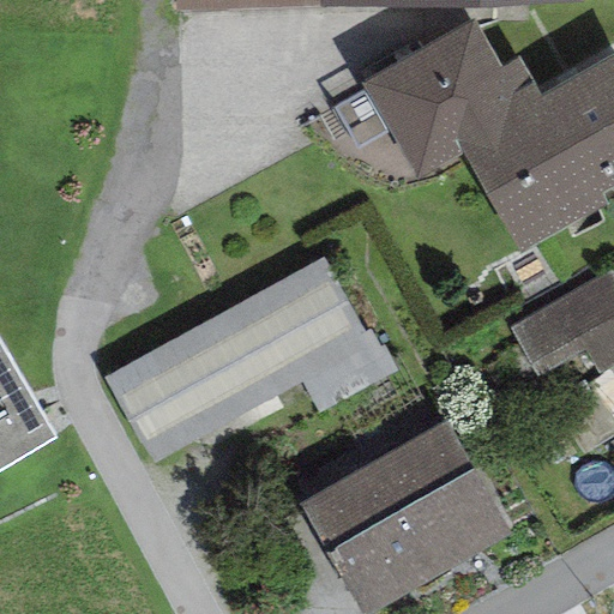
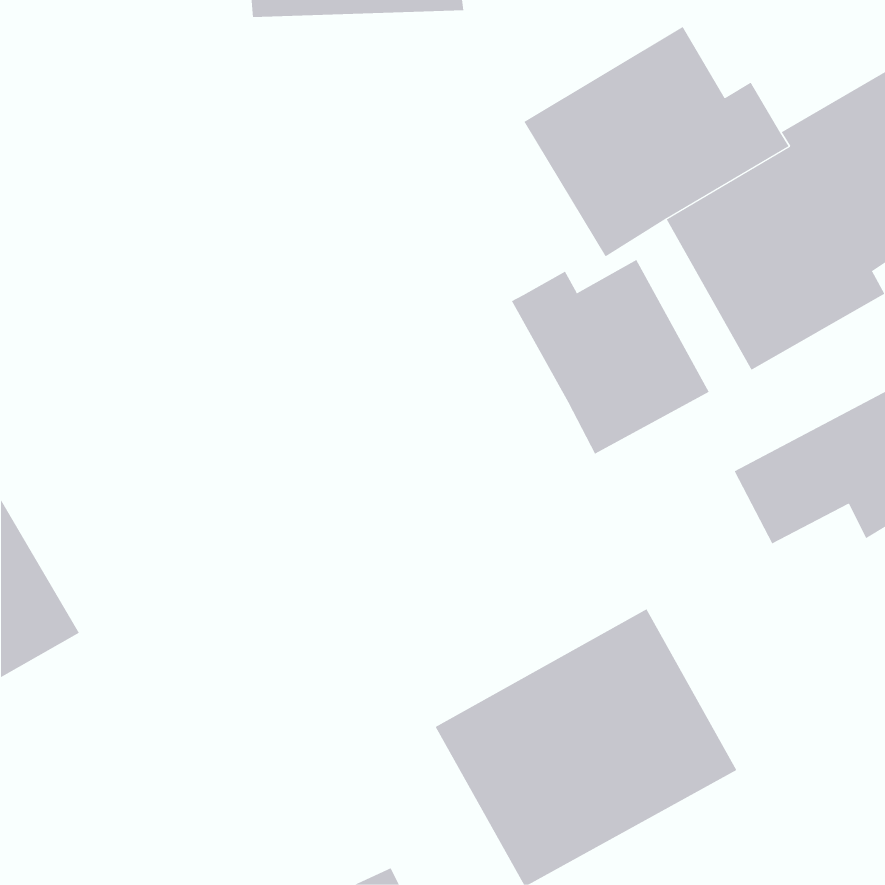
building: none -> [511,259,709,455]
building: [106,254,399,463] -> none

